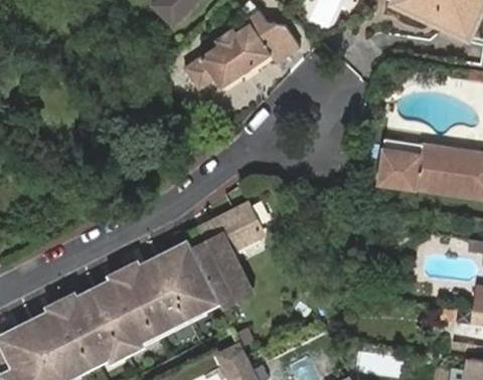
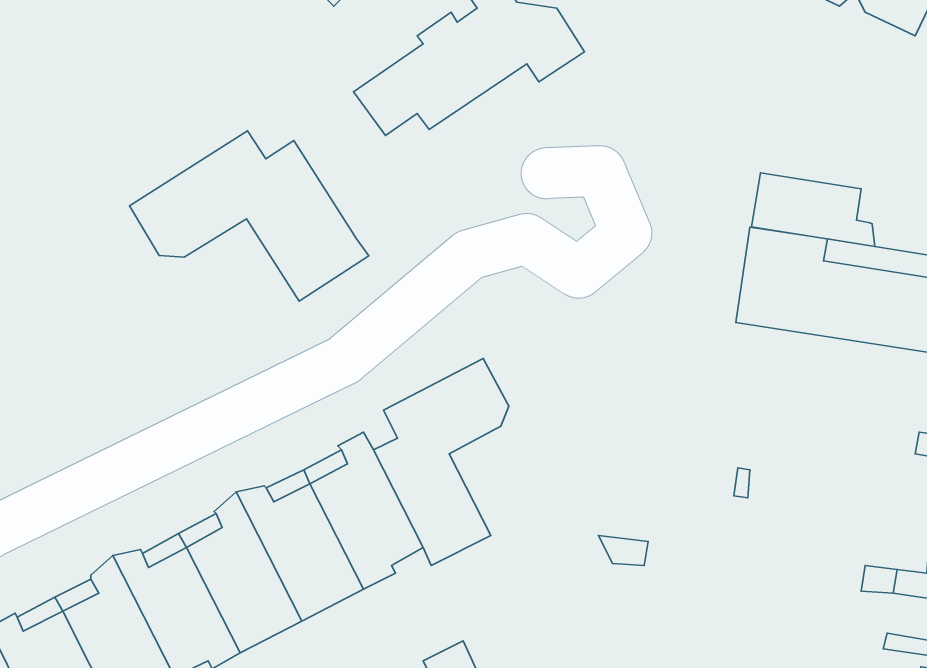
building: none -> [129,131,369,301]
building: none -> [751,173,875,246]

